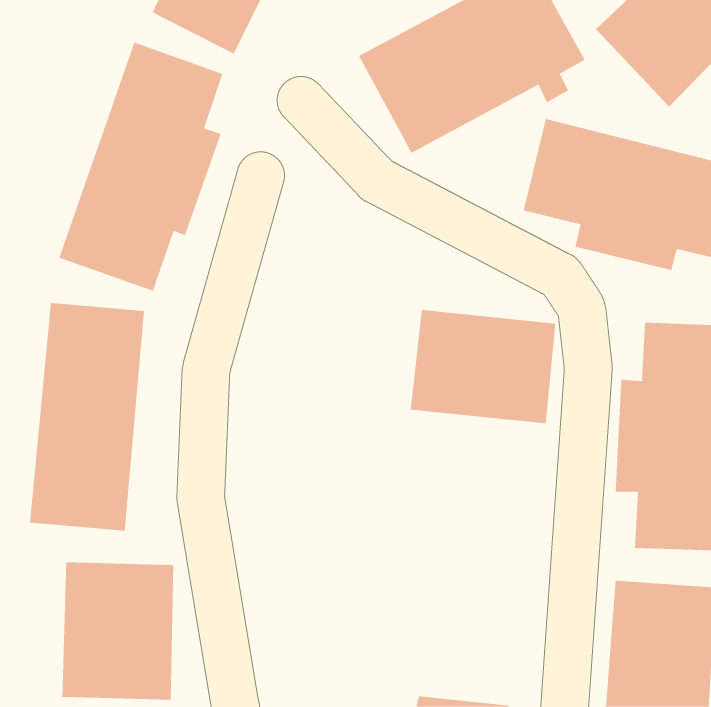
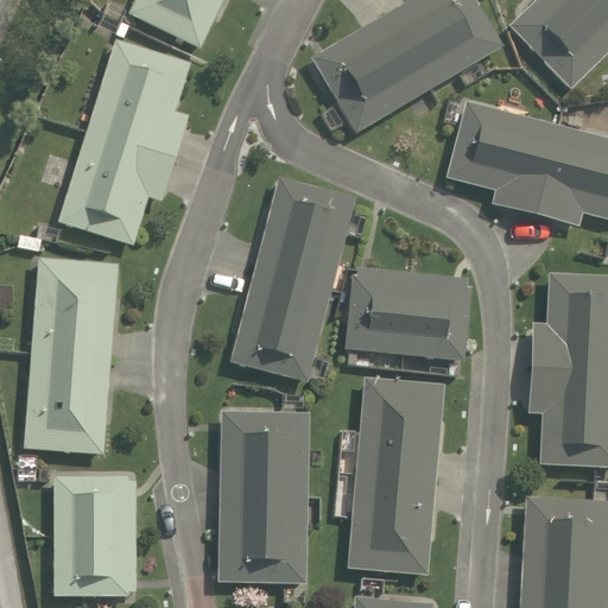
building: none -> [228,172,353,382]
building: none -> [331,379,448,572]
building: none -> [217,414,310,590]

